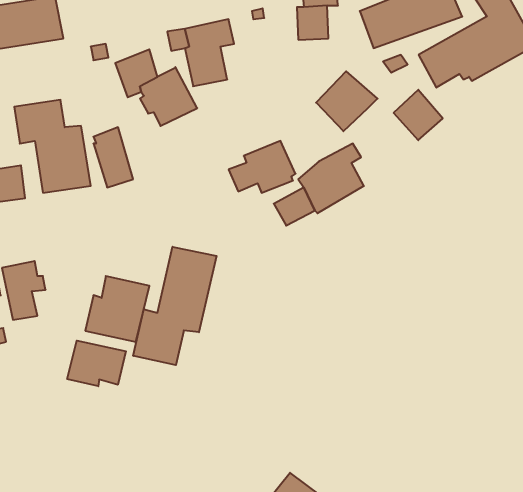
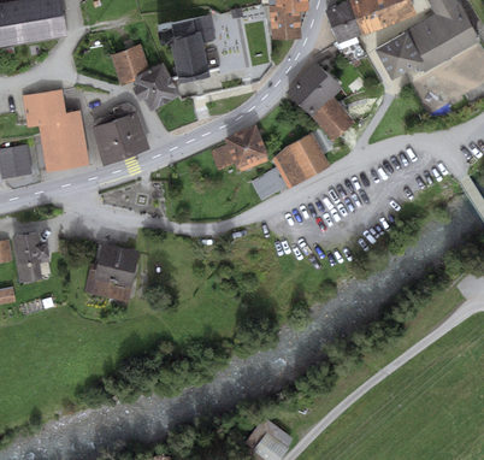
building: [394,90,443,140] -> [312,96,355,141]
building: none -> [113,102,150,159]
building: [133,247,217,365] -> none
building: [67,341,126,386] -> none

